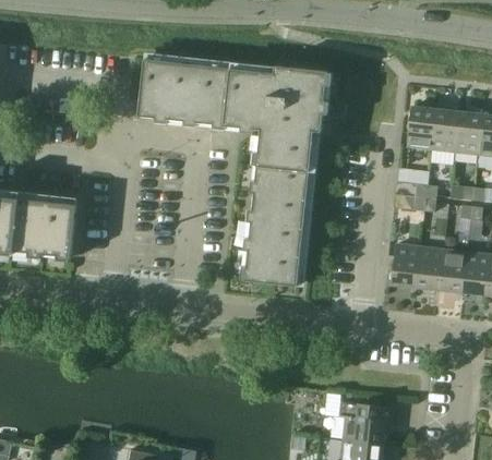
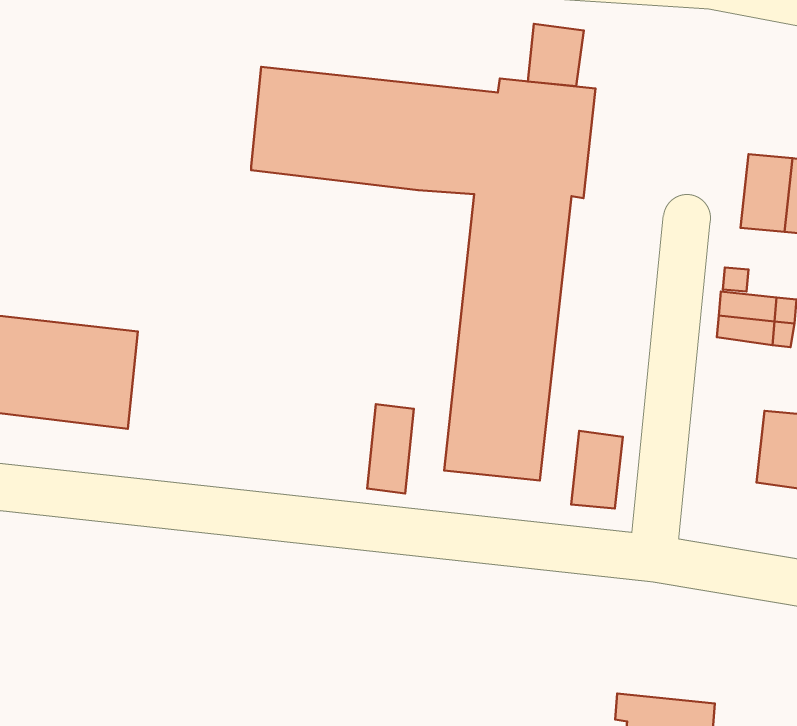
building: none -> [528,24,584,86]
building: none -> [367,404,414,493]
building: [393,243,421,286] -> [571,431,623,509]

